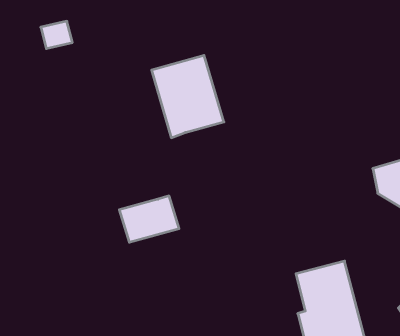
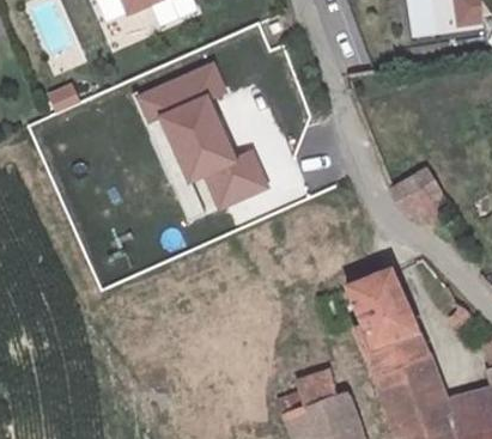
building: none -> [142,63,227,123]
building: [119,196,179,242] -> [207,156,269,207]

